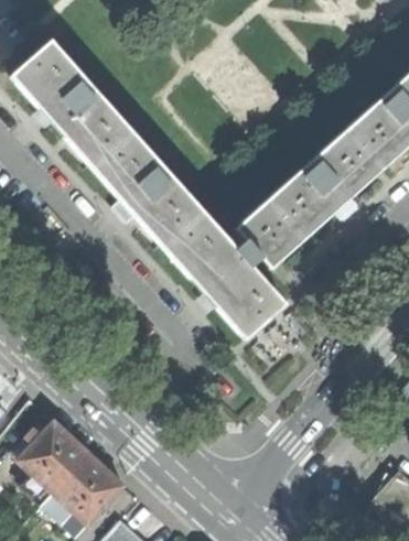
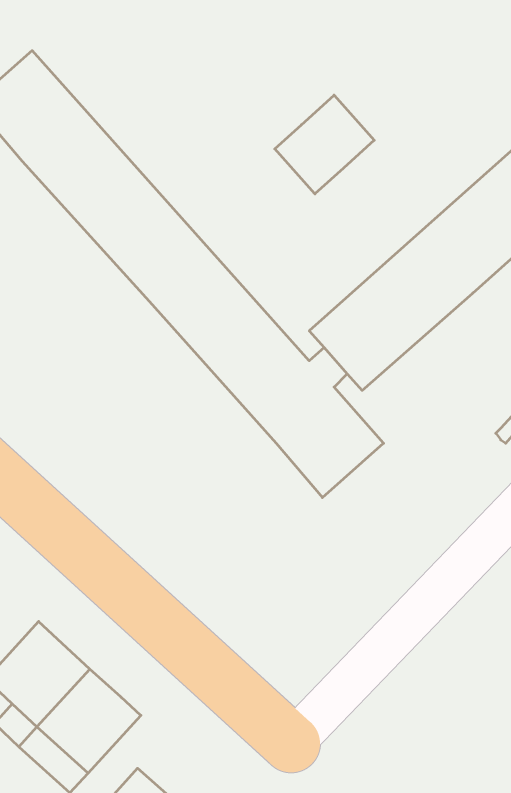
building: none -> [275,95,374,194]

